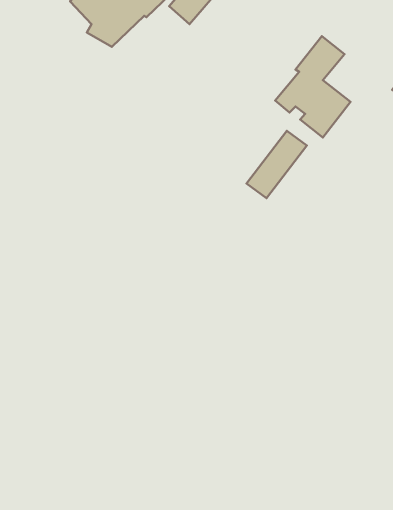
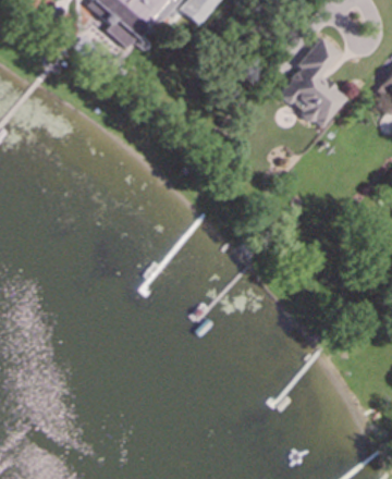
building: [247,131,307,198] -> none

